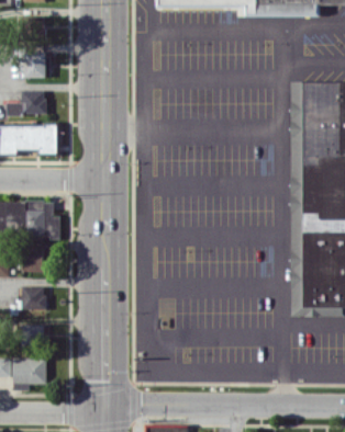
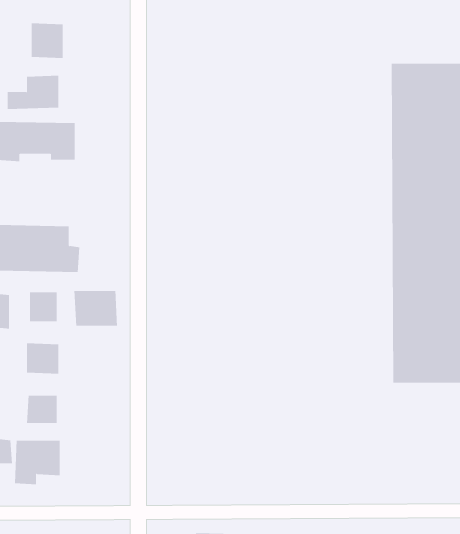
building: none -> [74,290,118,327]

